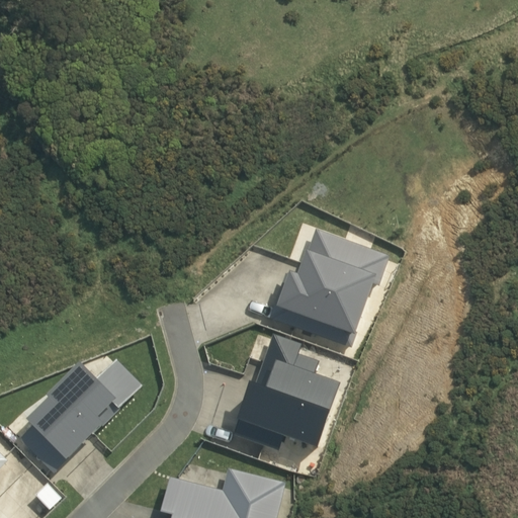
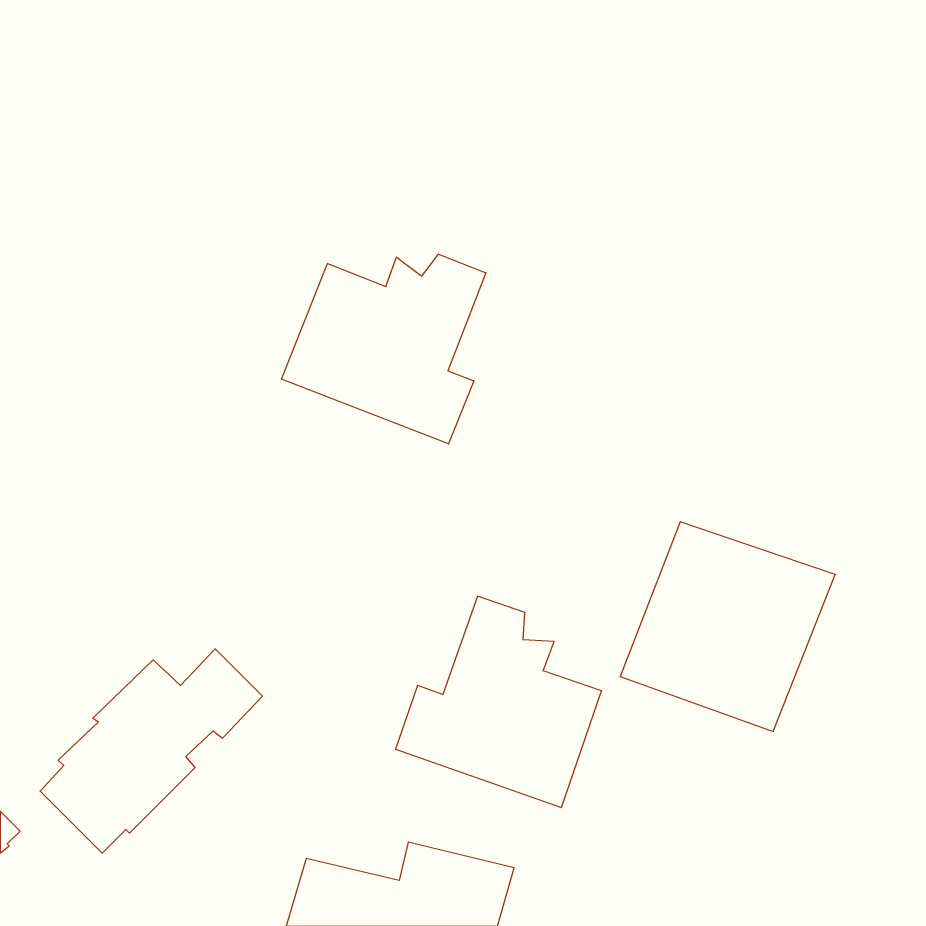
building: none -> [282,254,486,444]
building: [266,225,385,341] -> [620,522,835,731]

